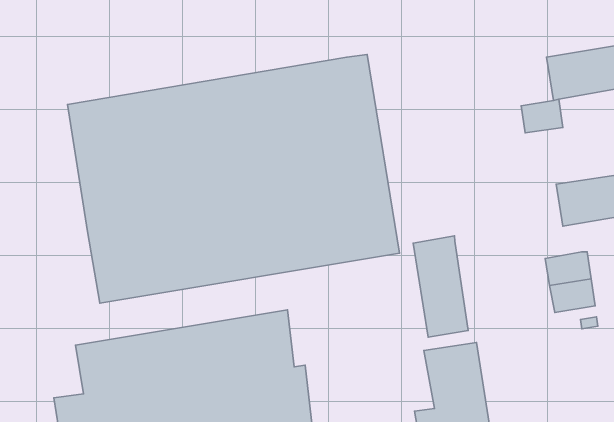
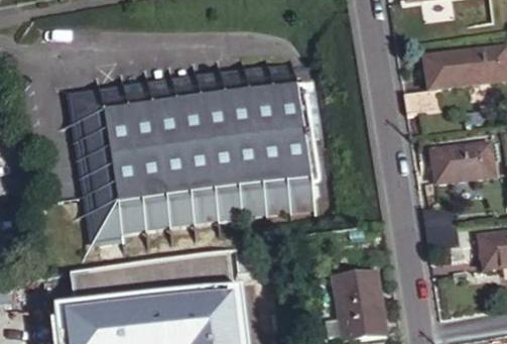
building: [413,236,468,337] -> none

